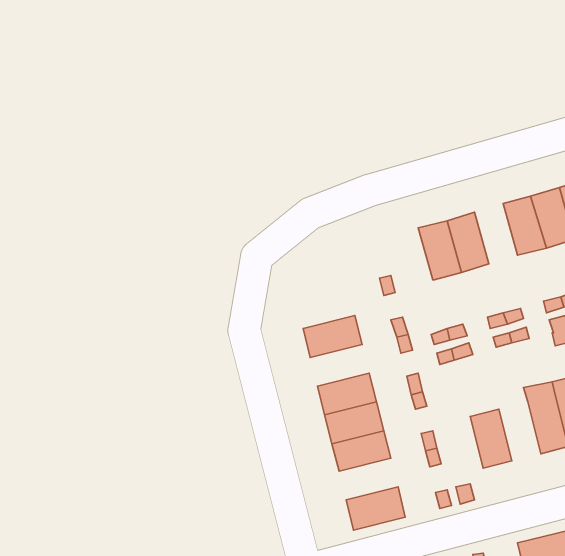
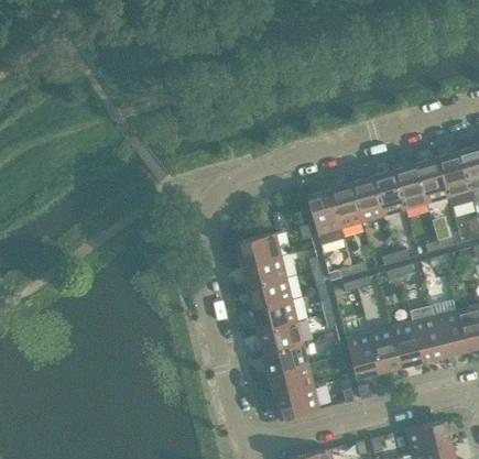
building: none -> [372,171,405,217]
building: none -> [306,189,344,244]
building: none -> [236,234,281,266]
building: none -> [247,278,292,310]
building: none -> [391,323,423,368]
building: none -> [346,334,379,379]
building: none -> [269,365,314,397]

